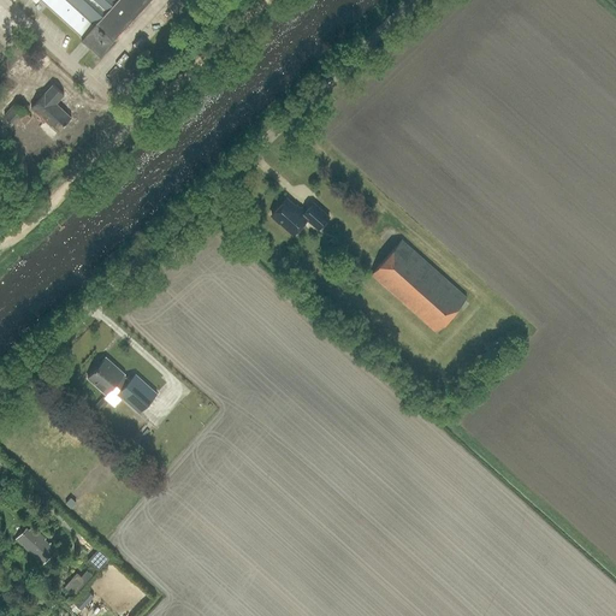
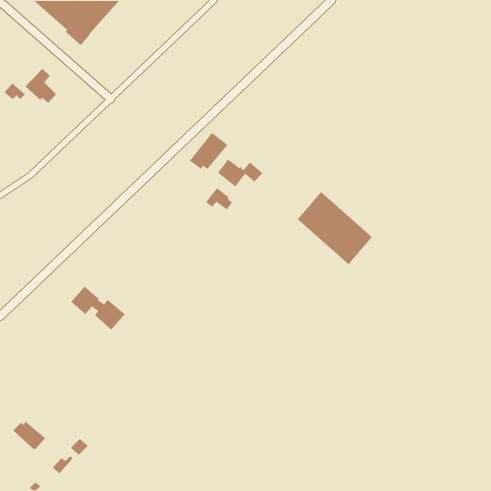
building: none -> [189,132,229,170]
building: none -> [205,187,233,210]

